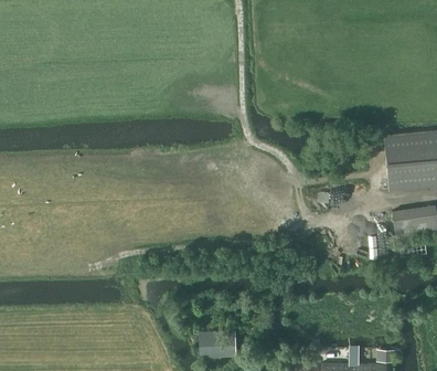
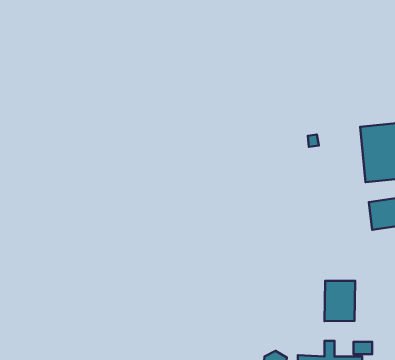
building: none -> [324,281,355,321]
building: [199,330,236,357] -> none

